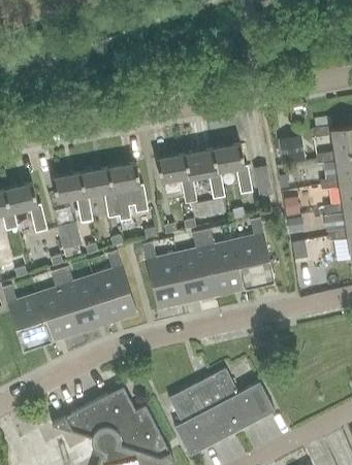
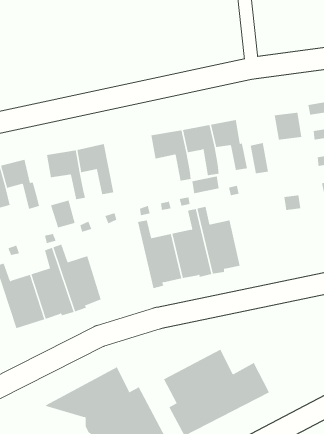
building: [110,163,147,221] -> none
building: [234,218,275,288] -> none
building: [94,251,137,321] -> none

